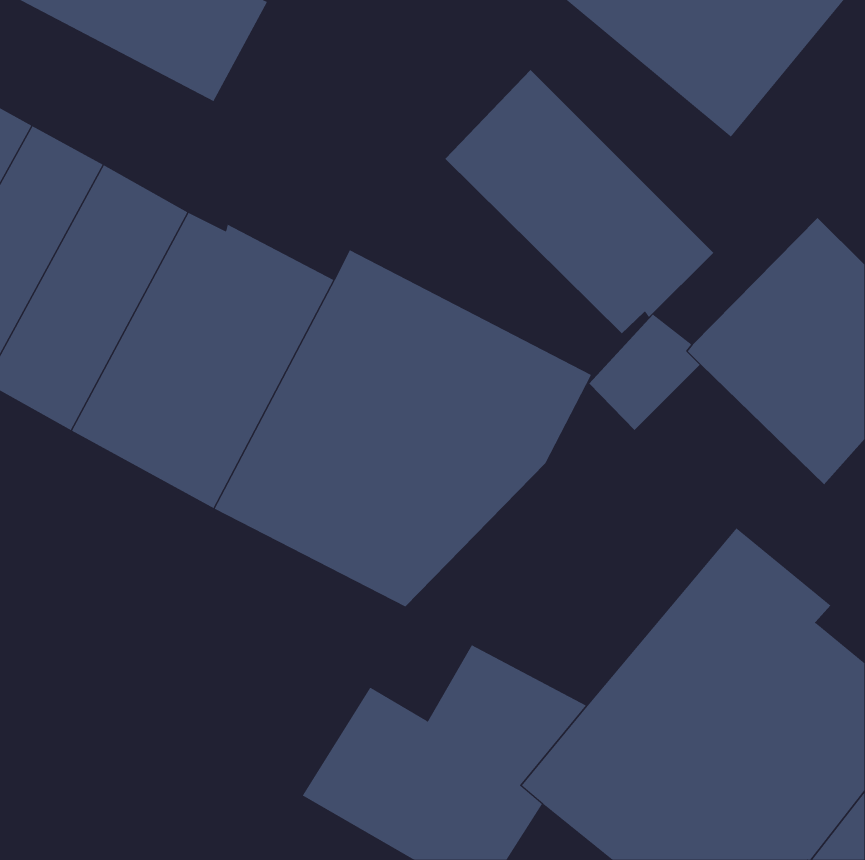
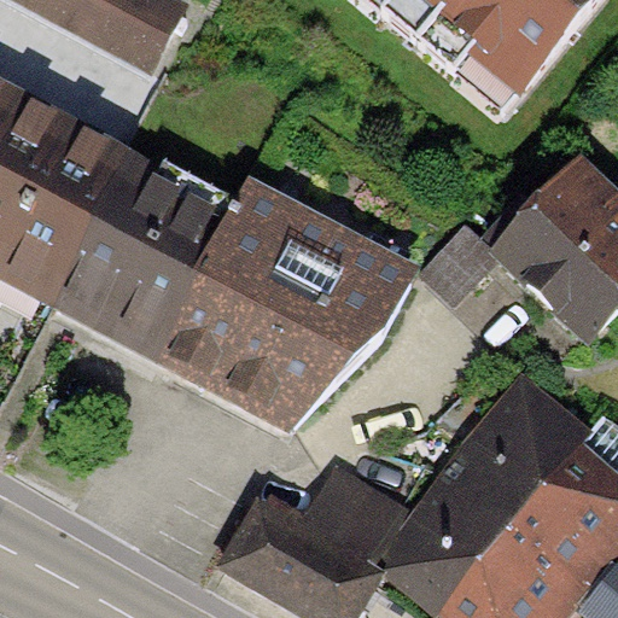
building: [445,69,714,334] -> none

